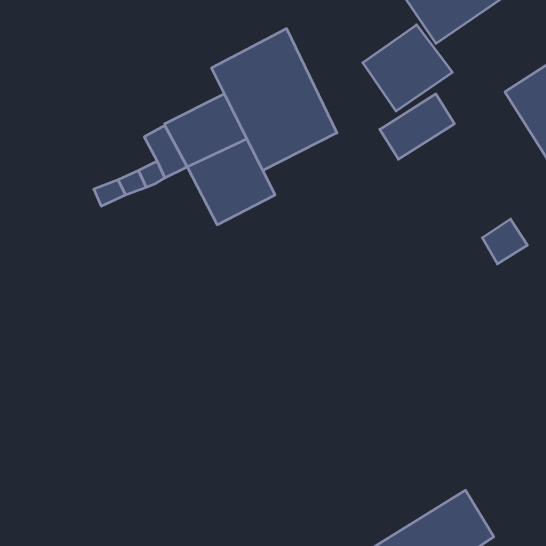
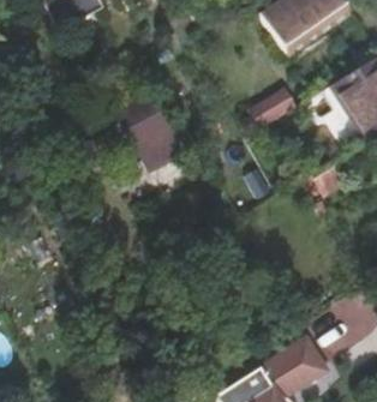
building: [363,25,452,111] -> none
building: [212,29,337,170] -> none

